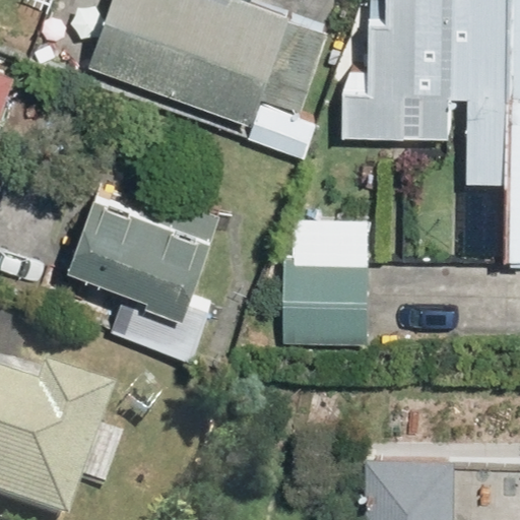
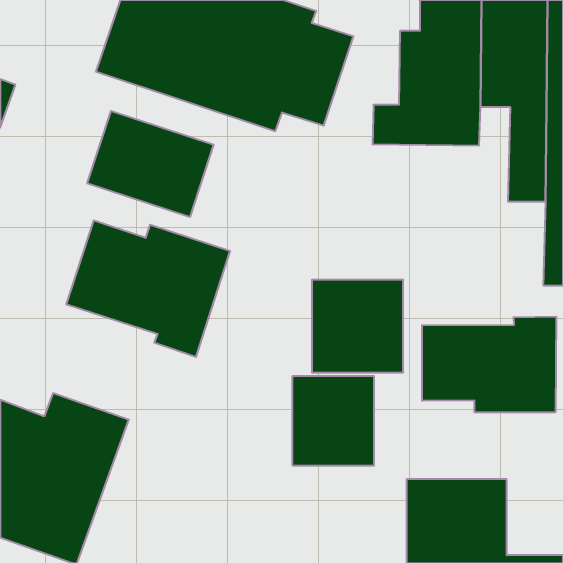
building: none -> [87,111,214,217]
building: none -> [422,317,556,412]
building: none -> [293,376,374,466]

